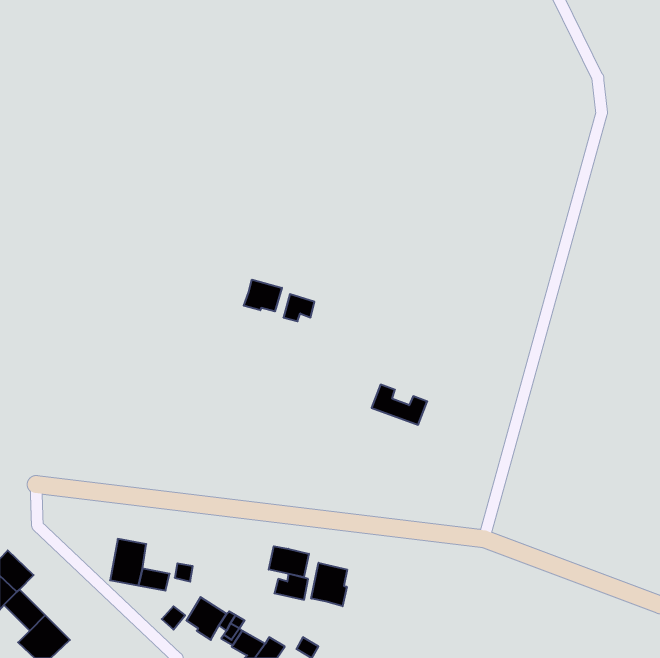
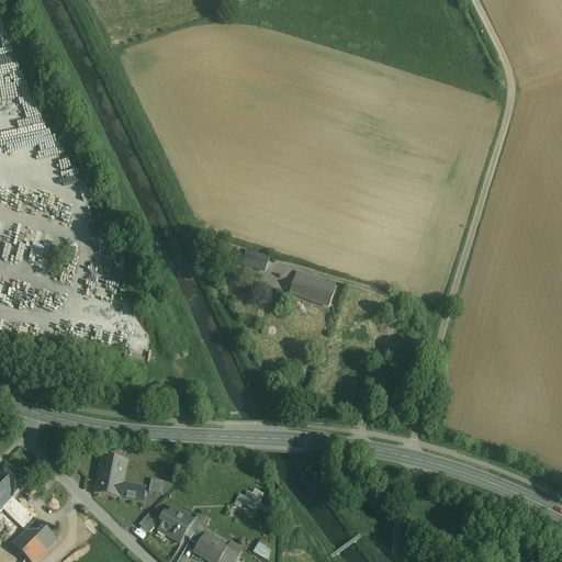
building: [244,280,282,311] -> none
building: [372,385,427,425] -> [289,270,336,304]
building: [269,546,309,577] -> none
building: [311,563,347,606] -> none

